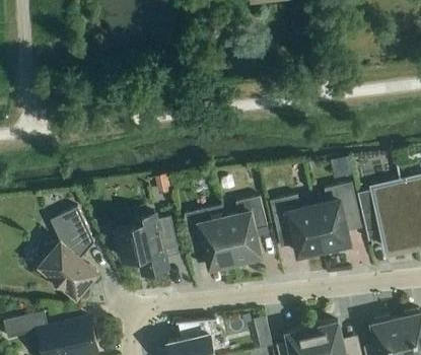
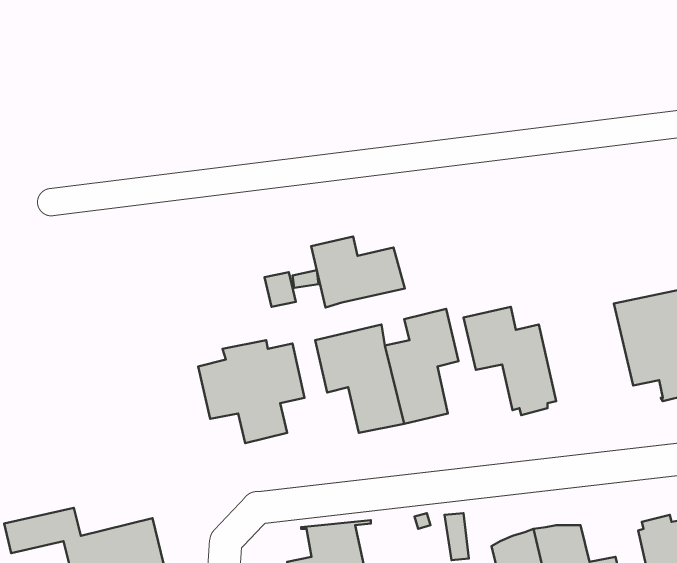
building: none -> [311,237,405,307]
building: [313,183,358,252] -> none
building: [40,208,97,297] -> none

